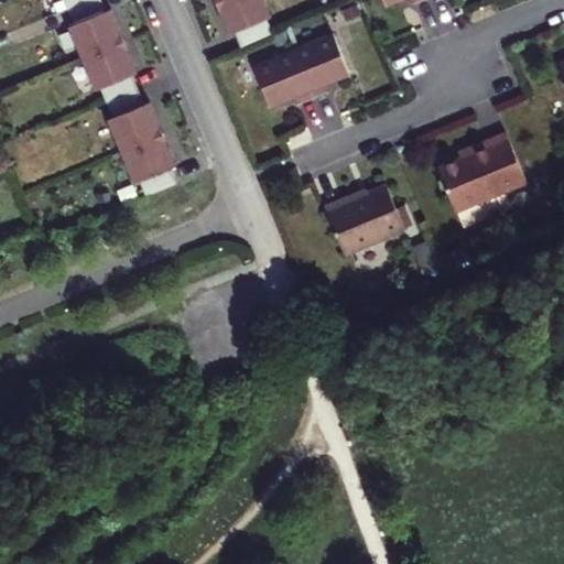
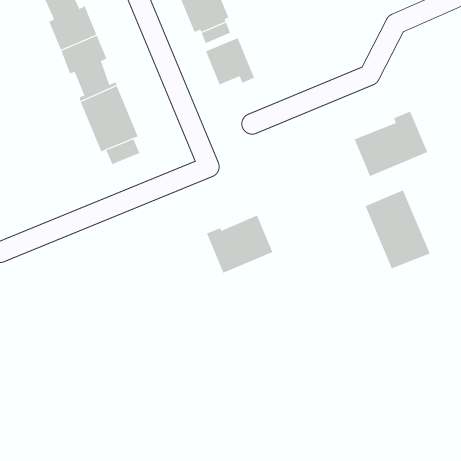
building: [295,29,352,94] -> none
building: [323,186,403,257] -> [206,215,273,273]
building: none -> [365,190,431,269]

